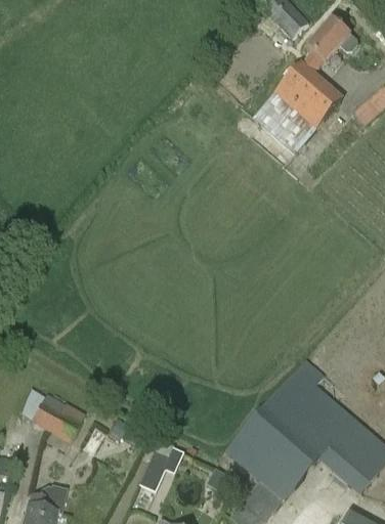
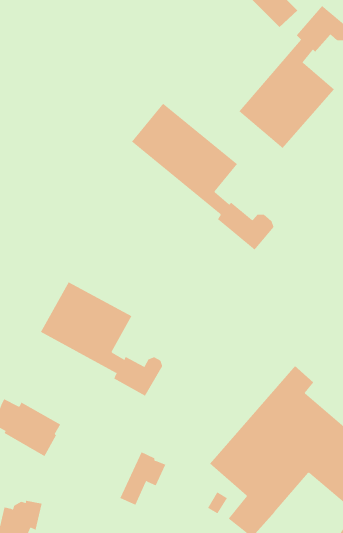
building: none -> [131,103,274,250]
building: none -> [40,281,163,397]

